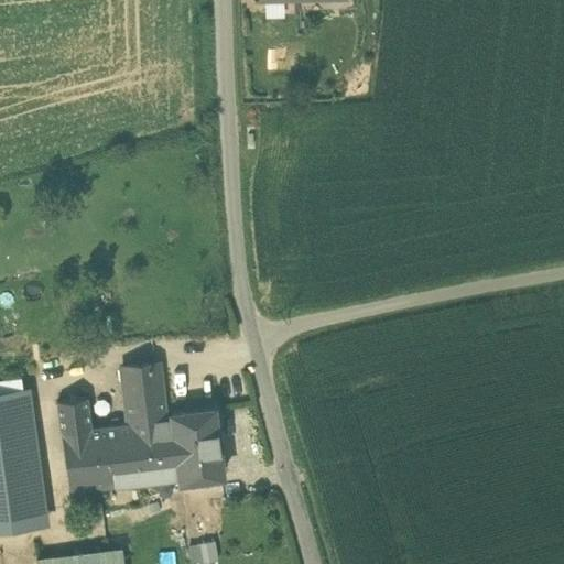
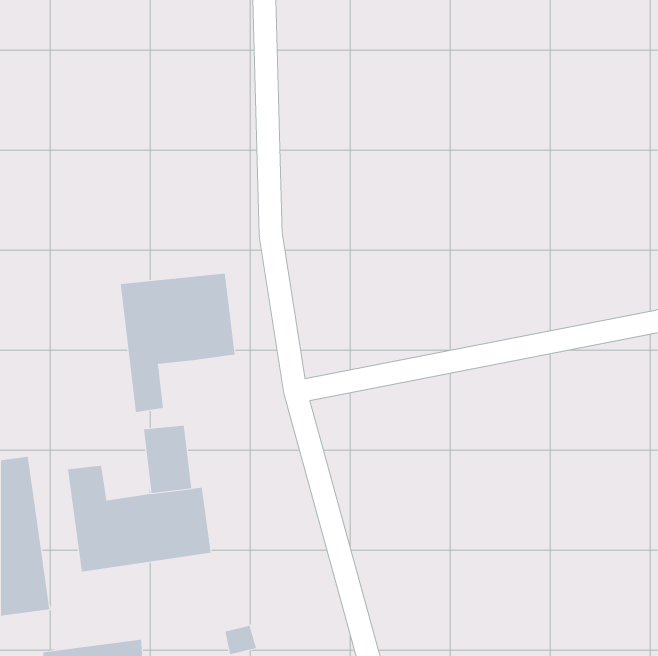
building: none -> [120,273,235,413]
building: [173,410,223,478] -> none

